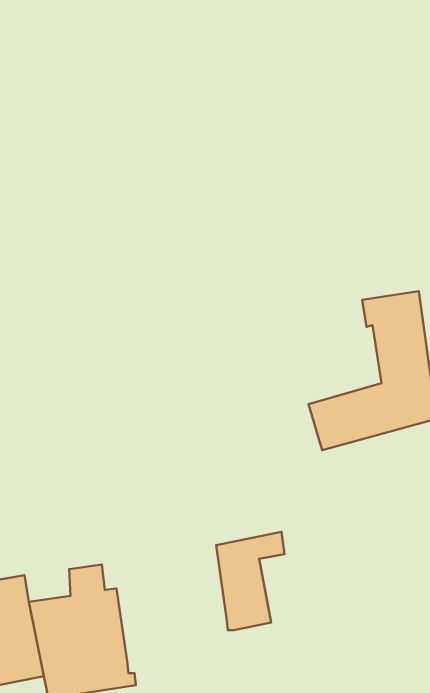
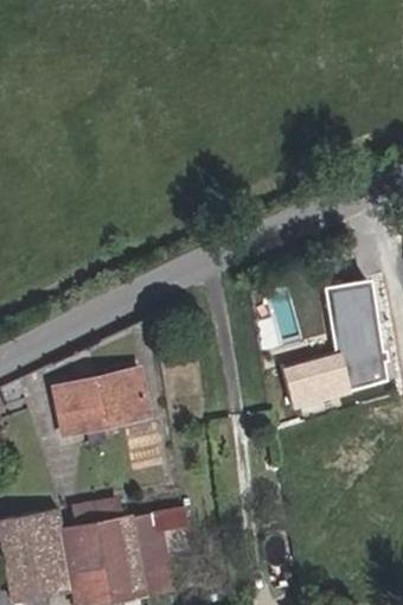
building: none -> [56,371,145,433]
building: [216,532,284,630] -> [130,507,185,585]

